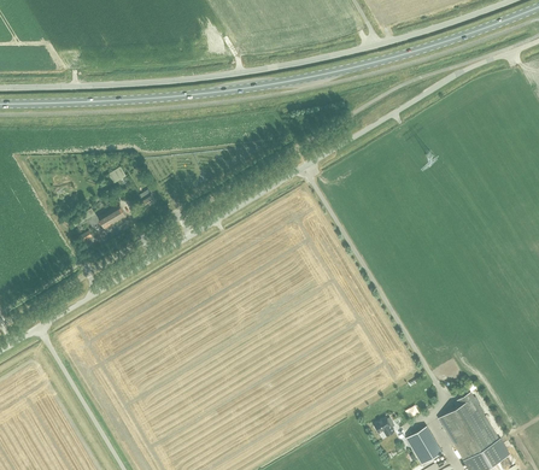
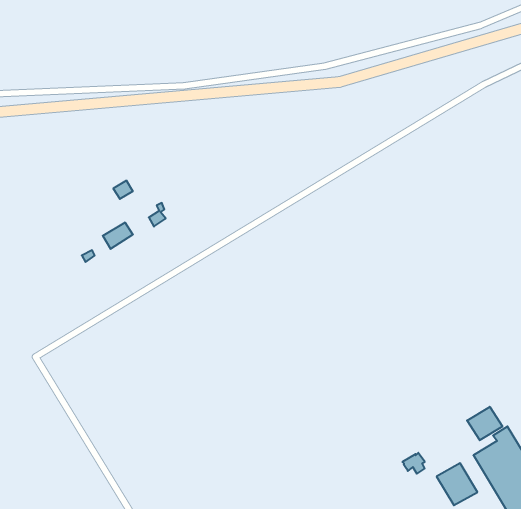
building: none -> [467,407,502,440]

